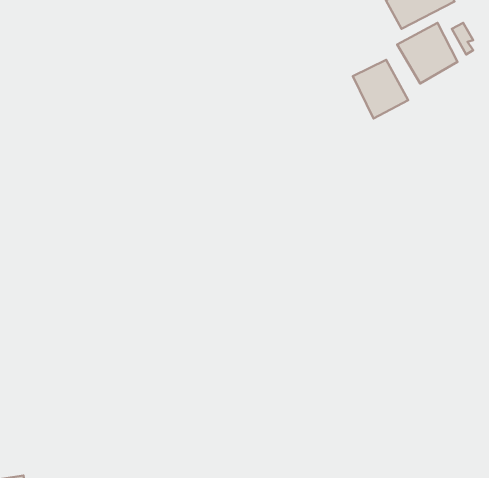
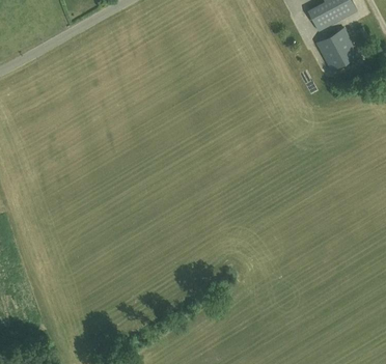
building: [353,60,408,119] -> none

